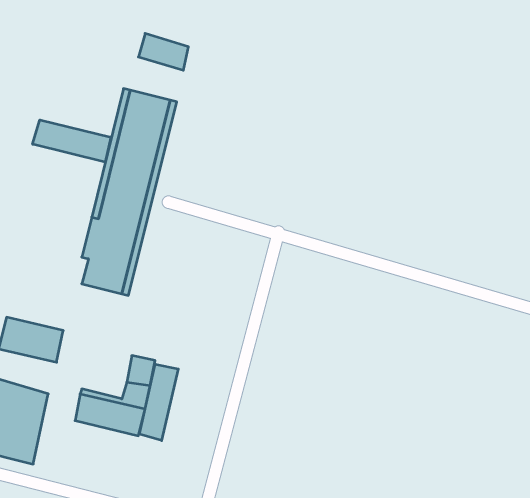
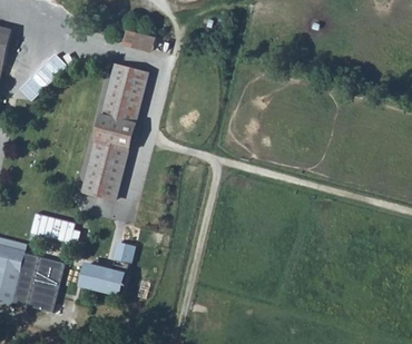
building: [33,120,111,162] -> none
building: [139,364,178,441] -> none

